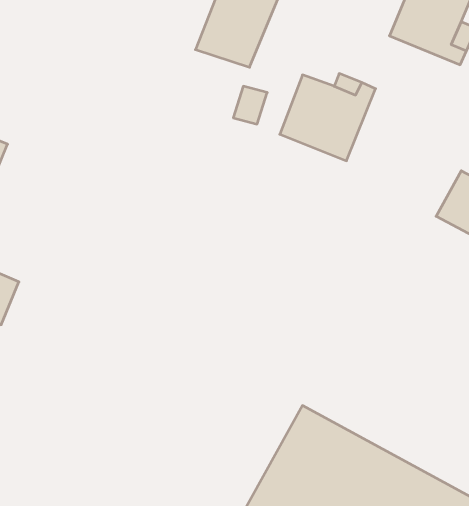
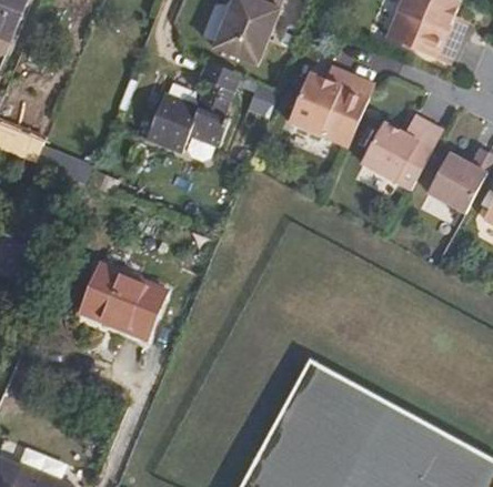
building: none -> [145,62,239,151]
building: none -> [359,116,440,192]
building: none -> [79,263,164,337]

